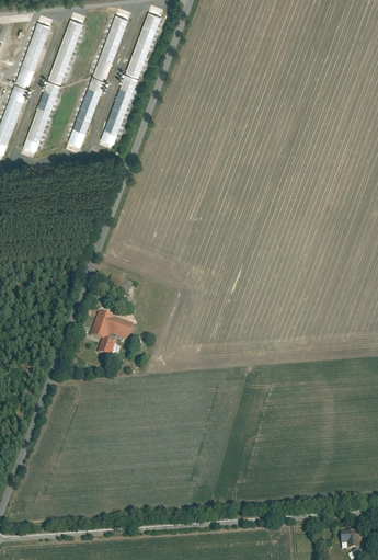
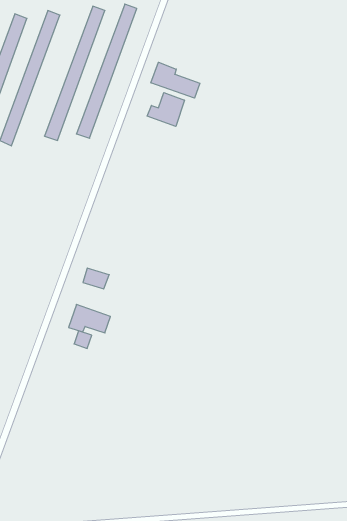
building: none -> [151,62,200,98]
building: none -> [147,93,184,126]

